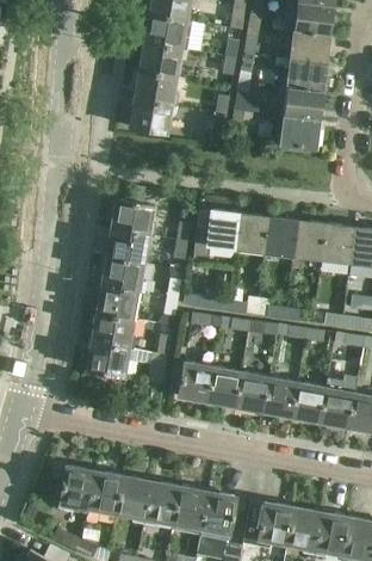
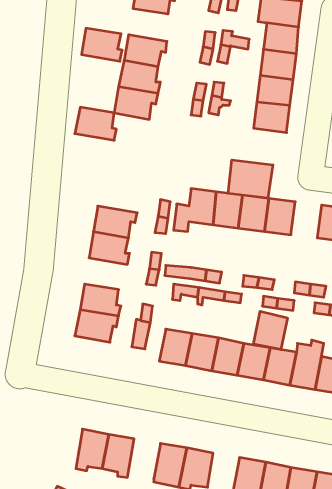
building: [144,13,188,49] -> [82,28,122,61]
building: none -> [228,160,273,198]
building: [111,199,156,235] -> [75,107,116,140]
building: [321,223,354,263] -> none
building: [97,284,143,319] -> none
building: none -> [253,311,287,350]
building: [58,466,94,513] -> none
building: [143,481,179,525] -> none

